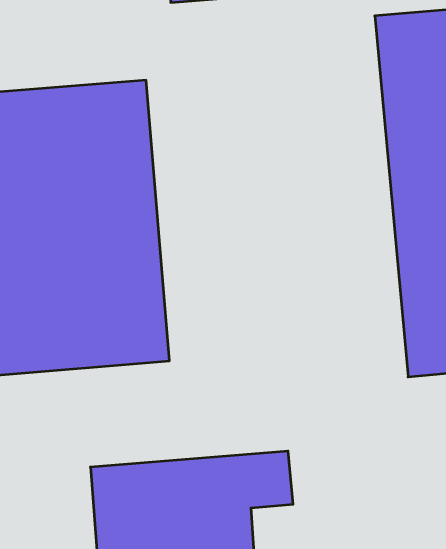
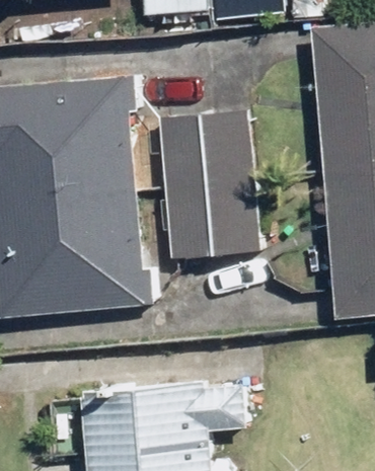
building: none -> [154,108,259,258]

